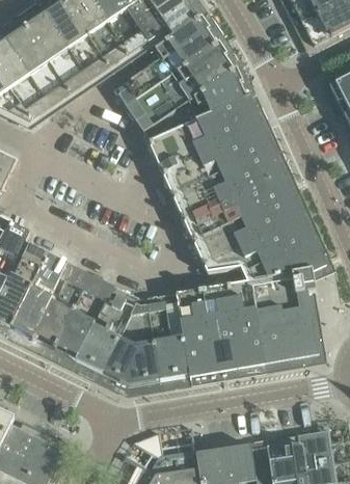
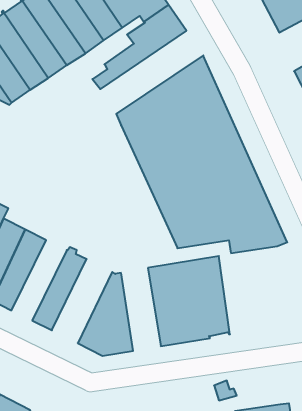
building: [127,43,235,130] -> none
building: [33,263,91,347] -> none
building: [251,269,317,361] -> none
building: [76,283,139,371] -> none
building: [149,292,190,379] -> none

